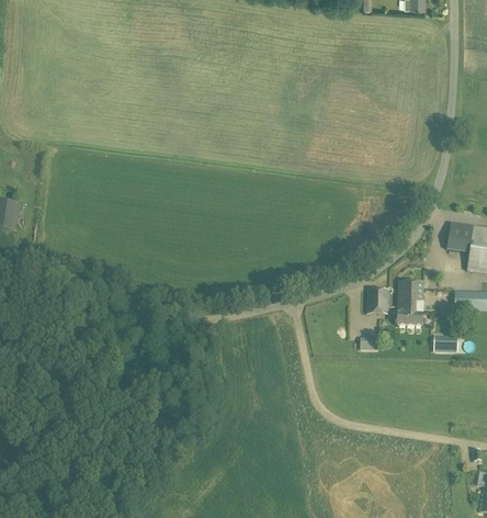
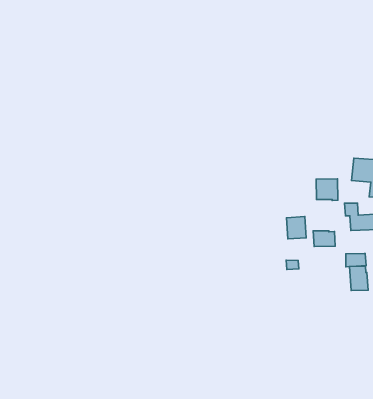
building: [397,281,423,307] -> [316,179,338,200]
building: none -> [350,266,368,290]

